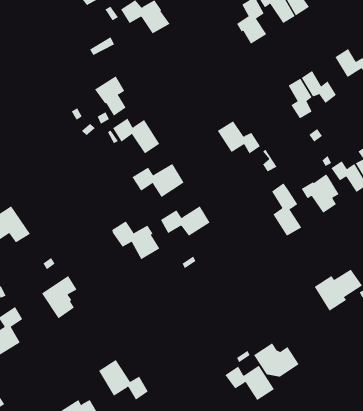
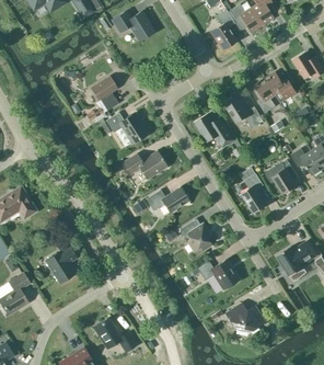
building: none -> [223,95,263,128]
building: [111,221,160,260] -> none
building: none -> [178,218,211,251]
building: [224,365,275,401] -> [196,259,239,289]

